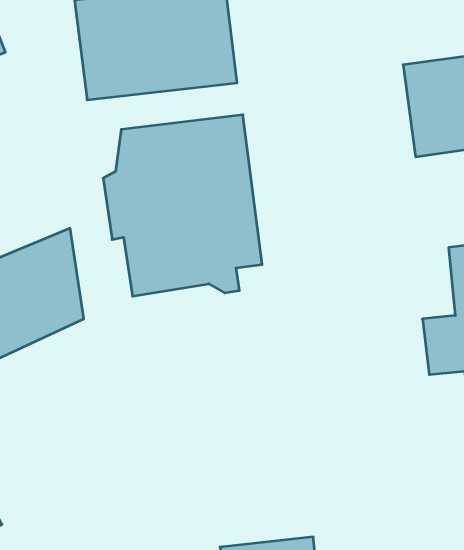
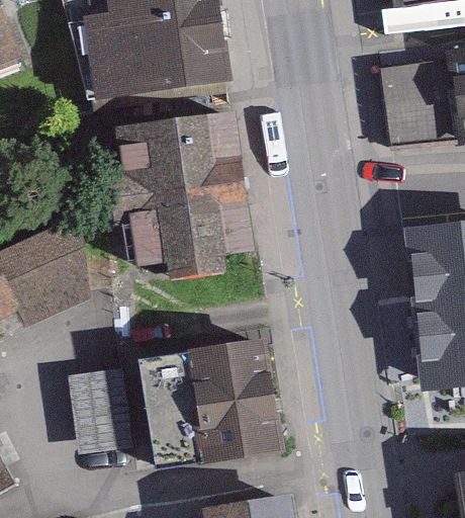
building: none -> [141,337,285,467]
building: none -> [70,365,135,448]

